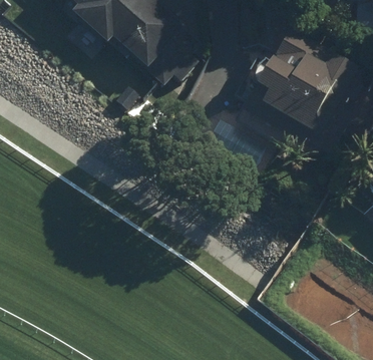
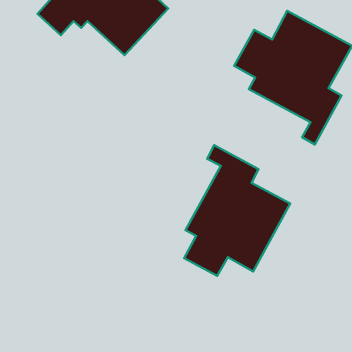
building: none -> [184,145,290,276]

